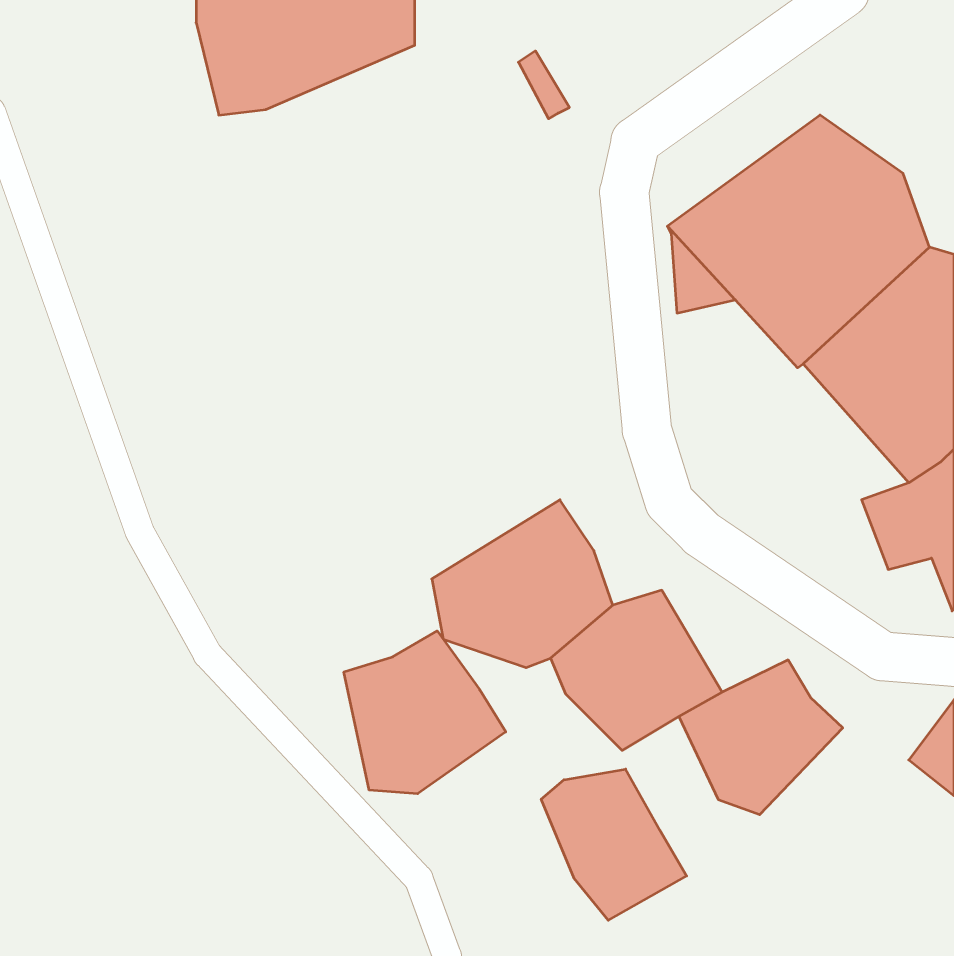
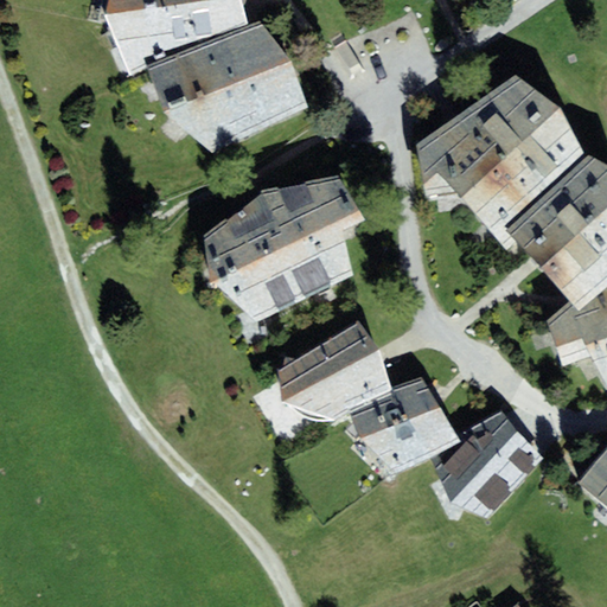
building: none -> [167,23,322,153]
building: none -> [209,179,385,324]
building: [344,631,506,794] -> none
building: [541,769,687,920] -> none

